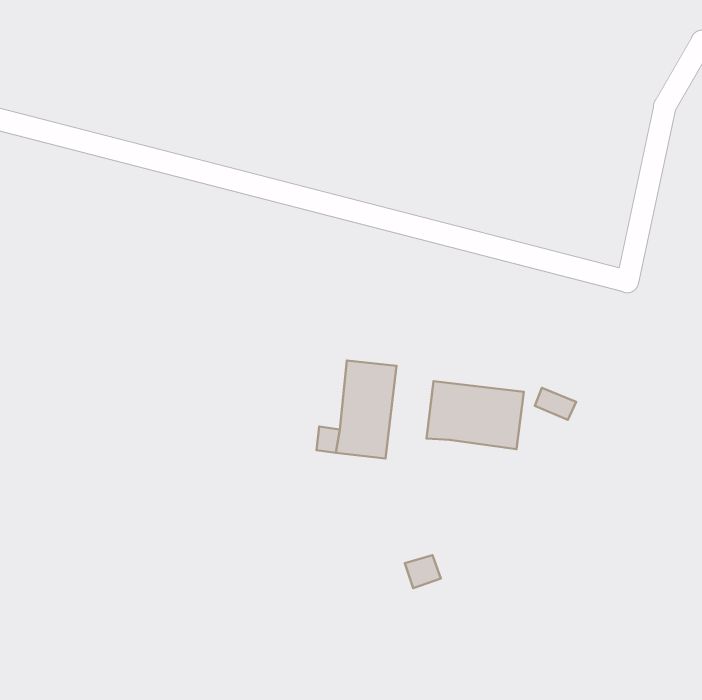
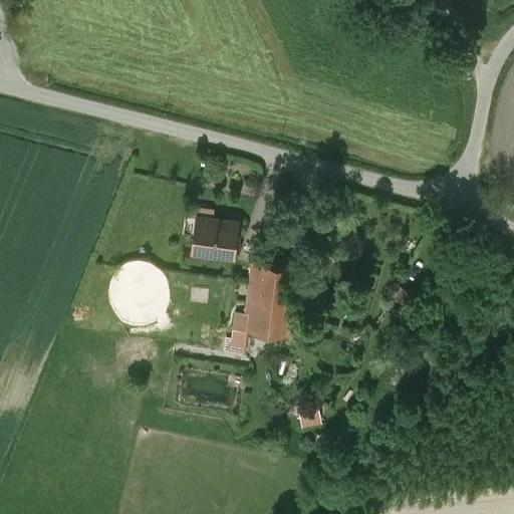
building: none -> [191,218,235,259]
building: [426,381,524,449] -> none

